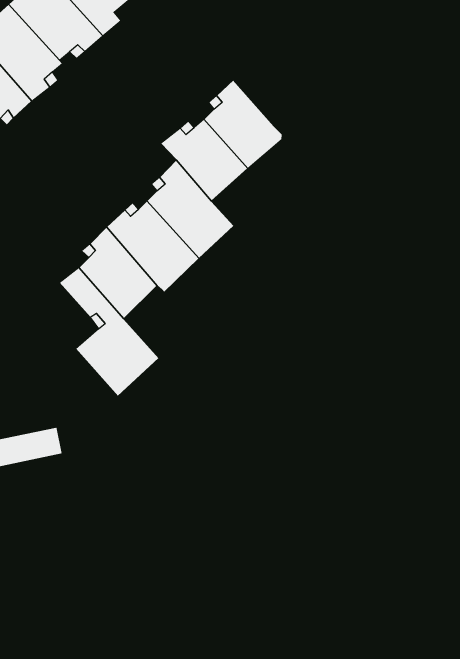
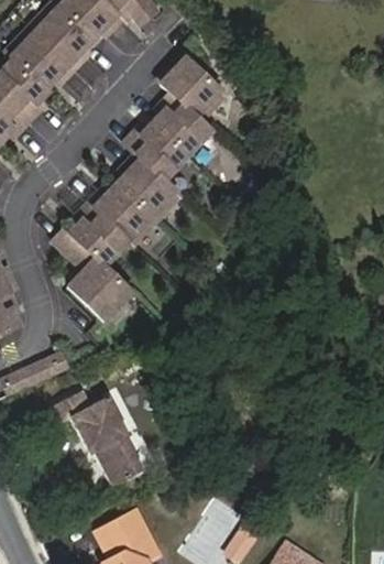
building: none -> [158,56,221,122]
building: none -> [50,394,140,488]

